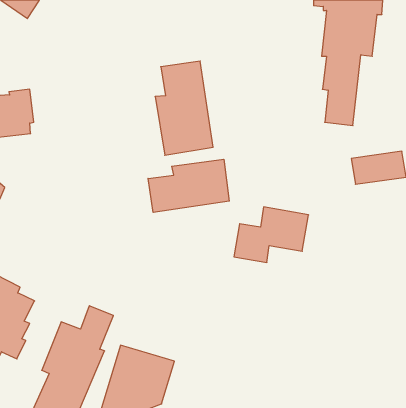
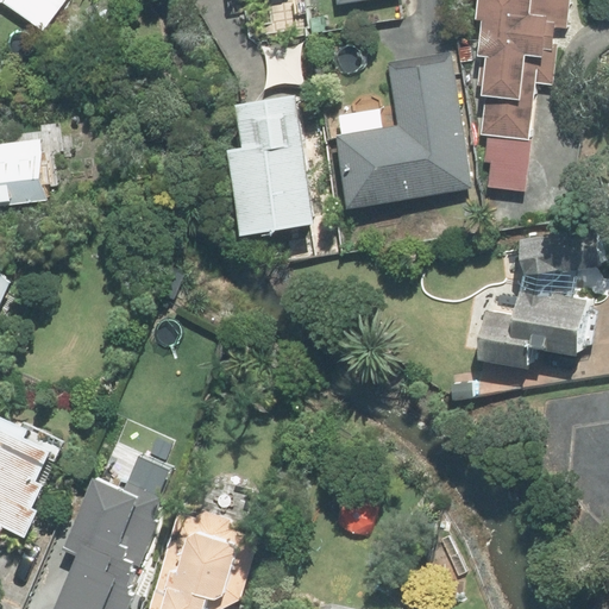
building: none -> [331,55,469,208]
building: [148,159,229,212] -> none
building: [234,207,309,262] -> [477,288,588,370]

